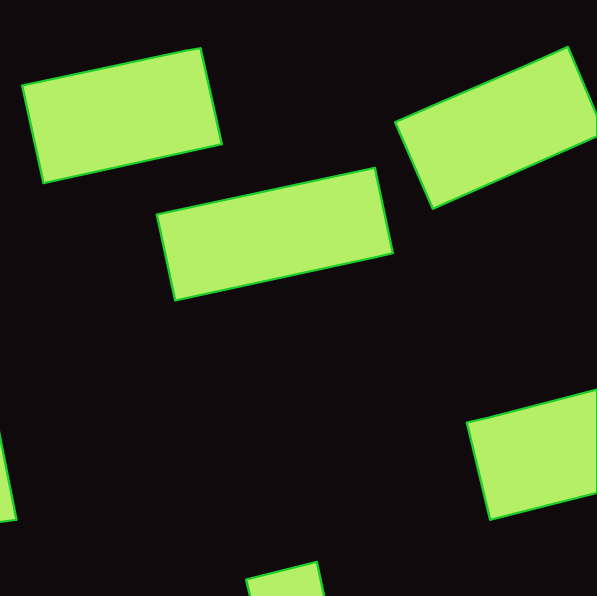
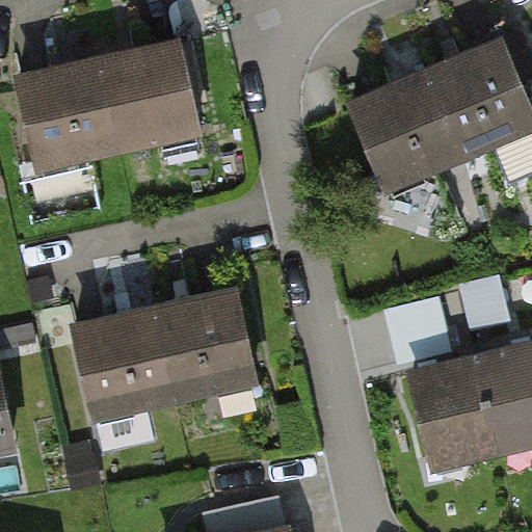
building: [157,168,393,301] -> none
building: none -> [78,296,251,414]

